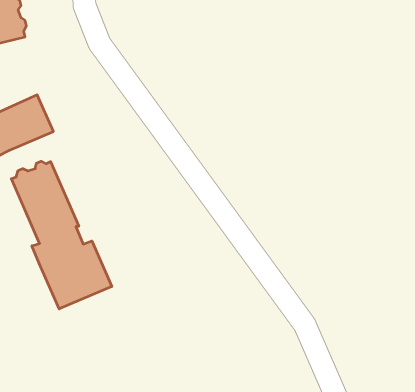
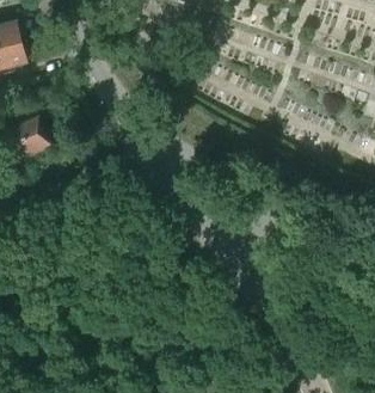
building: [11,161,112,309] -> none

